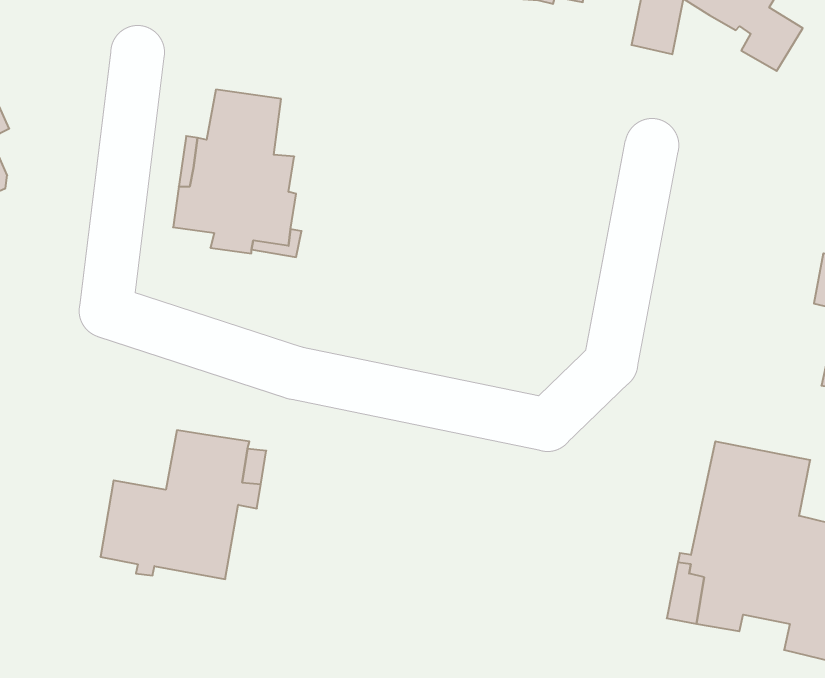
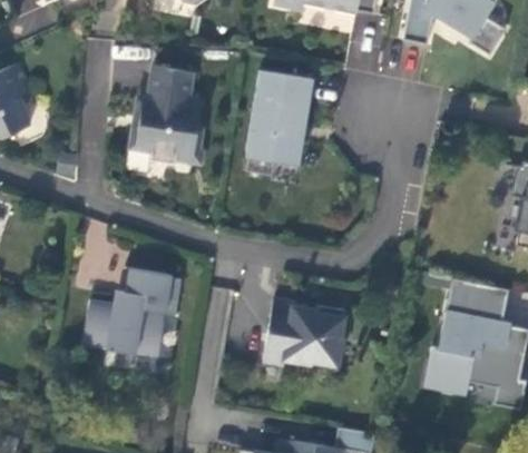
building: none -> [246,70,315,176]
building: none -> [263,298,343,365]

